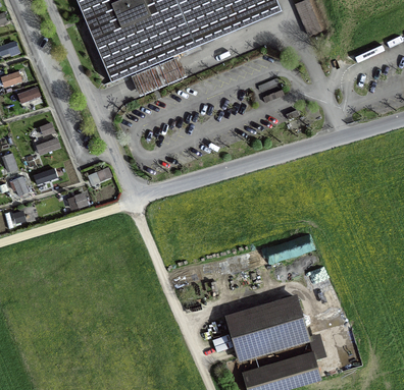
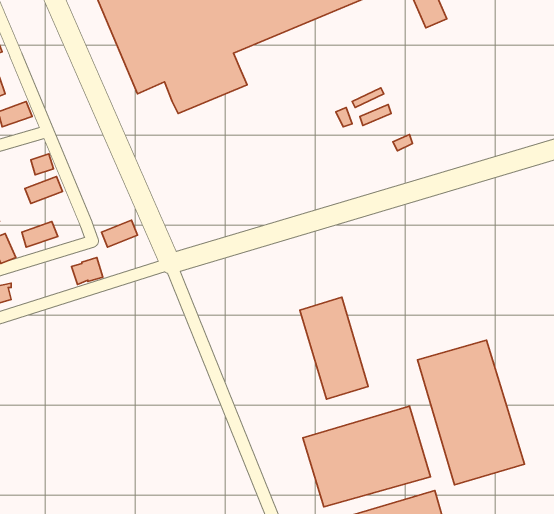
building: none -> [300,297,368,399]
building: none -> [417,340,525,485]

